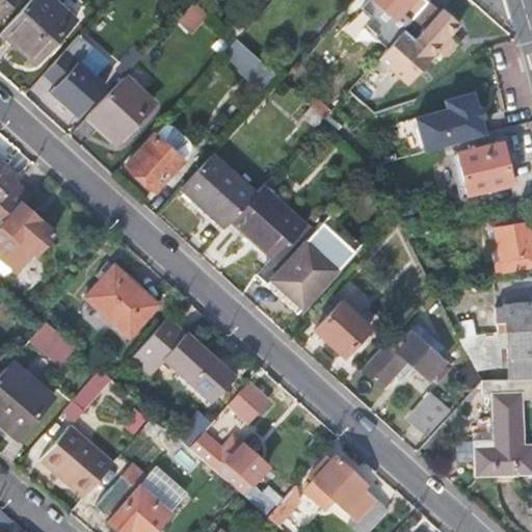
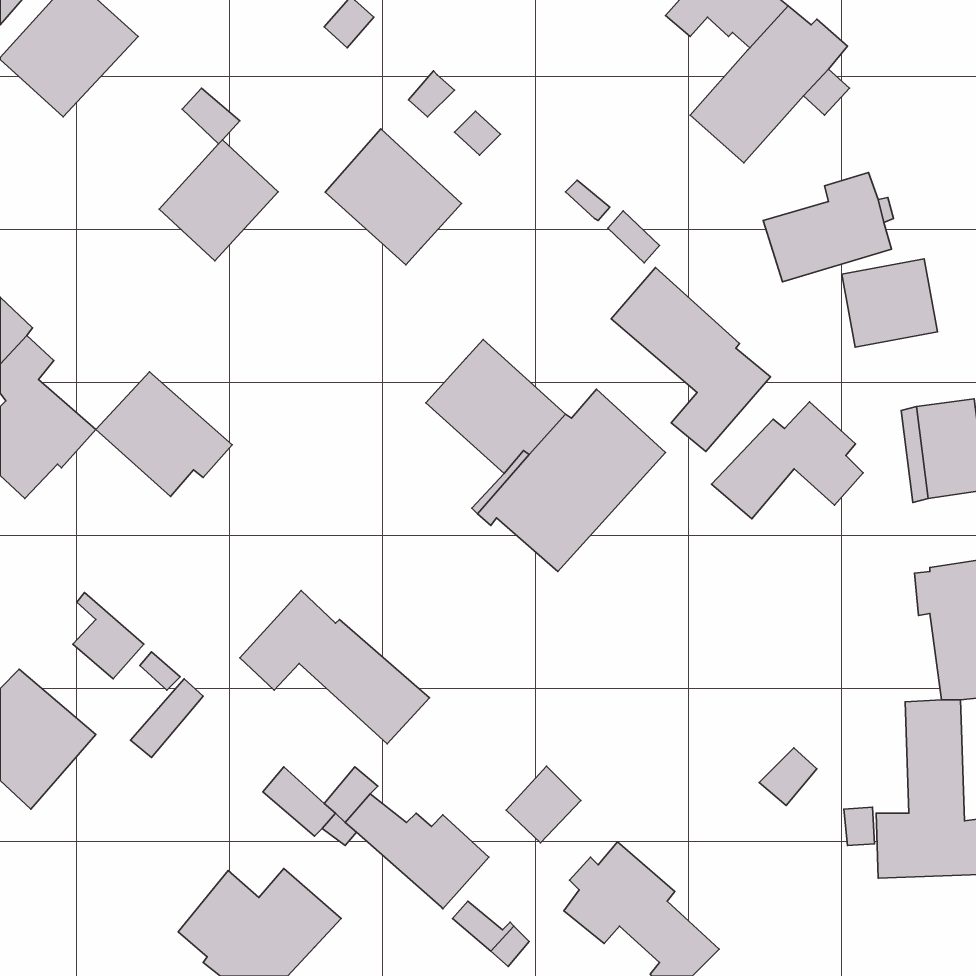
building: [51,63,105,117] -> none
building: [128,135,183,190] -> none
building: none -> [611,268,771,451]
building: [181,154,255,228] -> [325,129,461,265]
building: [84,265,158,332] -> [96,372,232,497]
building: [316,303,371,360] -> none
building: [364,324,446,388] -> [712,402,863,519]
building: [460,334,504,372] -> none
building: [227,381,267,423] -> [506,766,581,843]
building: [43,428,114,498] -> none

